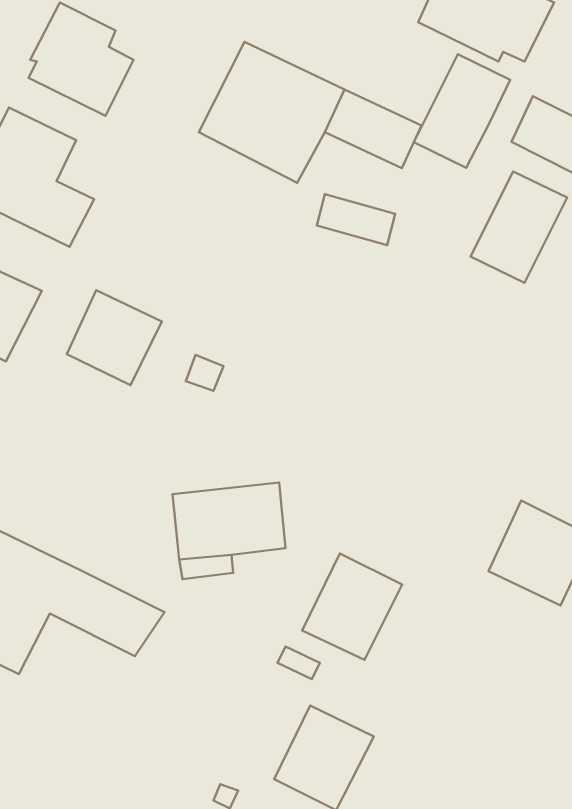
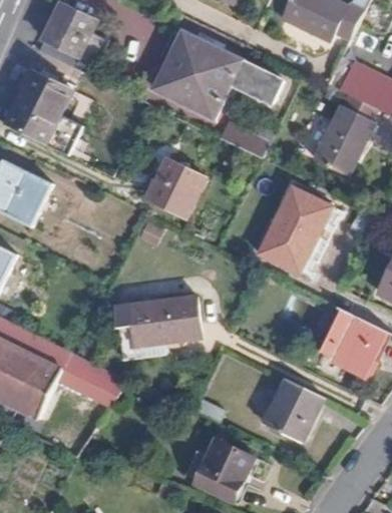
building: [414,54,510,168] -> none
building: [67,290,162,385] -> [146,159,205,217]
building: none -> [259,186,330,272]
building: [302,554,402,660] -> [262,378,323,443]

